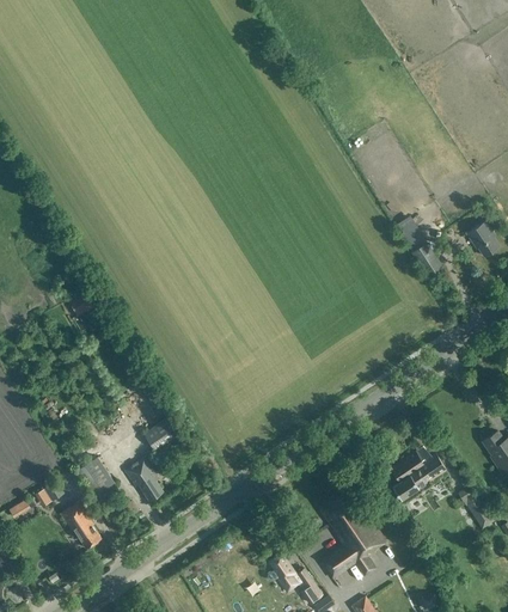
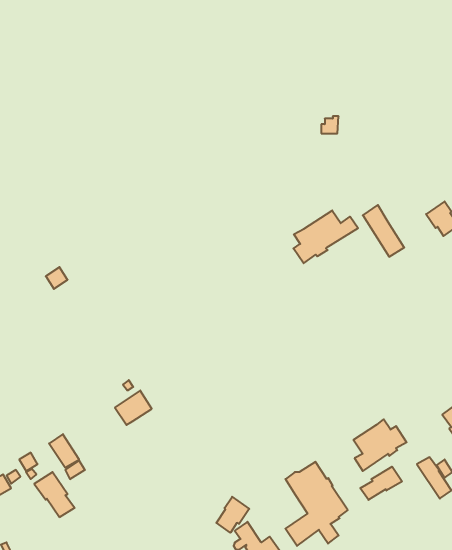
building: none -> [293,210,358,263]
building: [127,458,164,501] -> none
building: none -> [360,467,402,500]
building: none -> [216,497,249,533]

